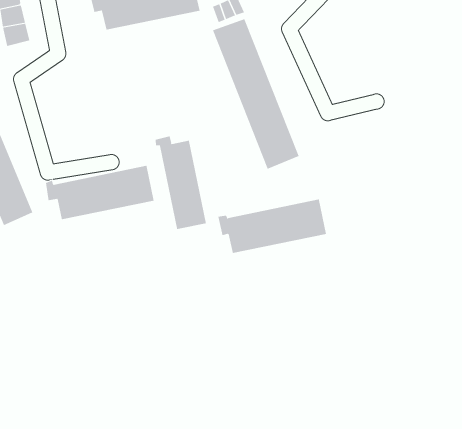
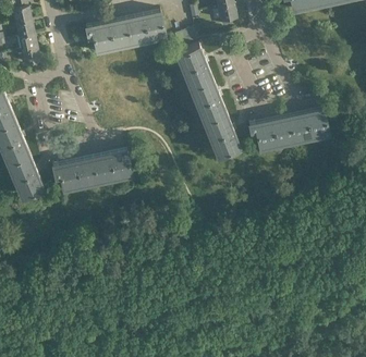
building: [155,135,206,230] -> none
building: [217,199,327,254] -> [247,110,328,150]

